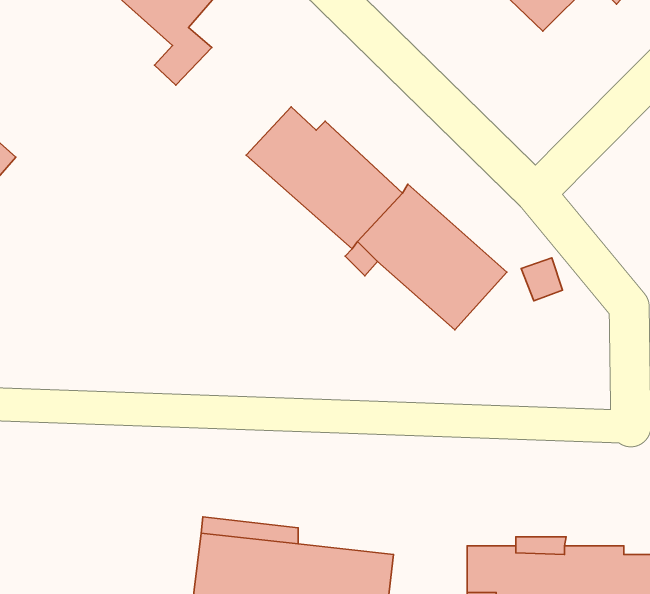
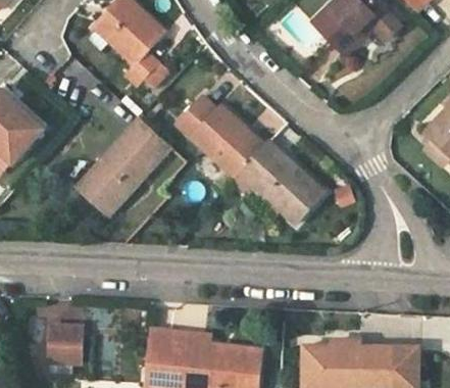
building: none -> [76,117,170,215]
building: none -> [48,328,81,363]

